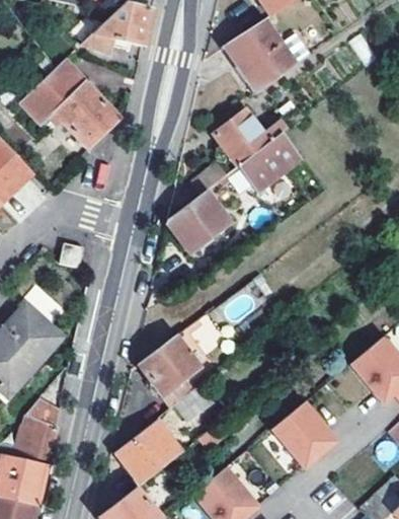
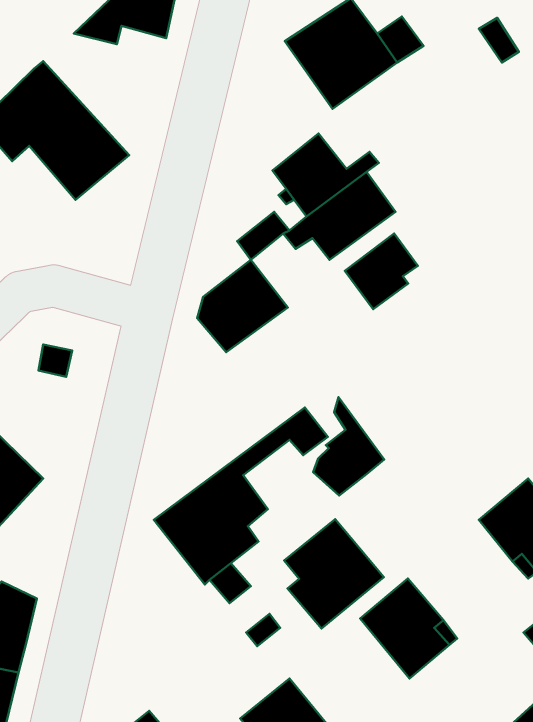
building: none -> [345,233,418,309]
building: none -> [313,397,384,495]
building: none -> [284,519,384,628]
building: [114,417,181,485] -> none

